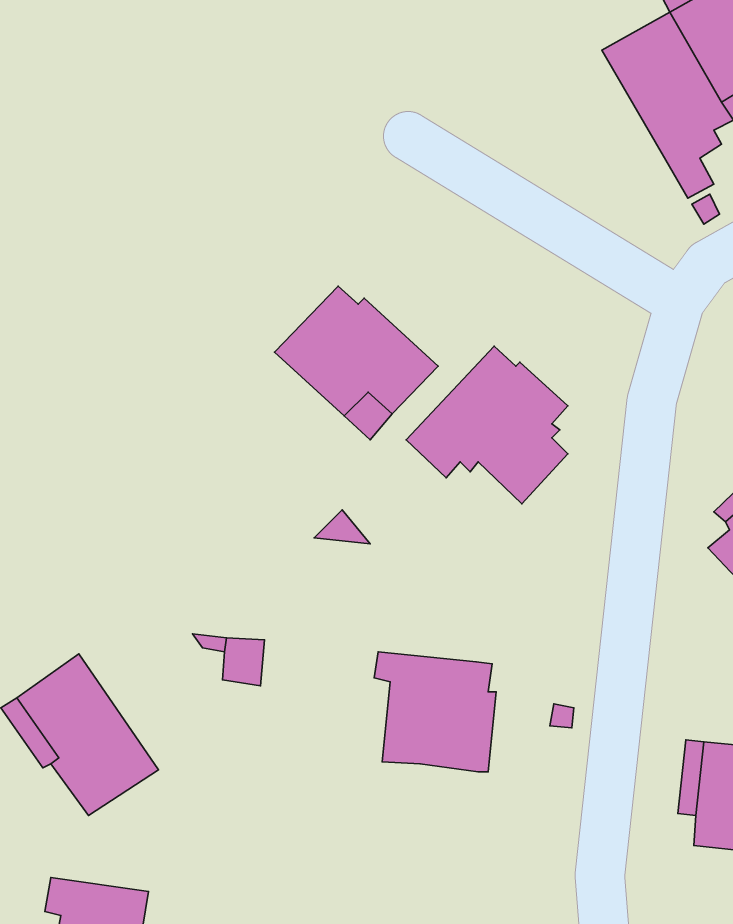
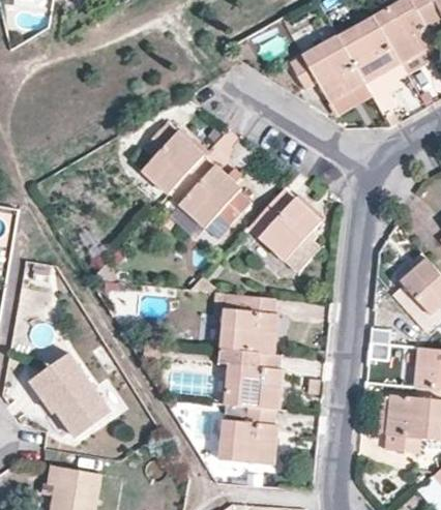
building: none -> [289,36,371,114]
building: none -> [142,123,204,193]
building: none -> [218,293,277,353]
building: none -> [218,406,276,463]

